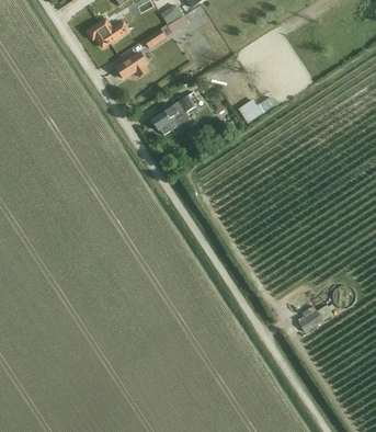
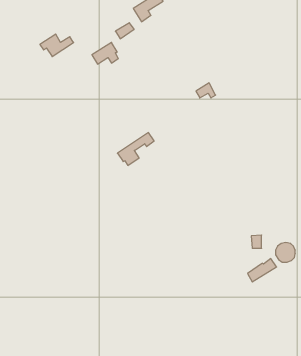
building: [88,19,127,45] -> [40,34,74,57]
building: [150,94,193,133] -> [117,133,154,165]

